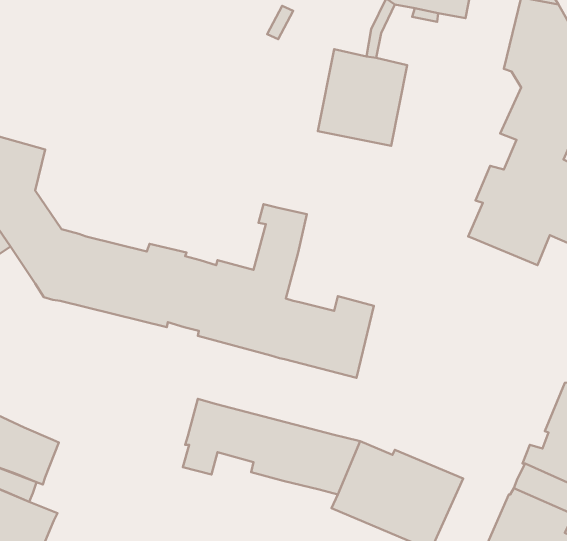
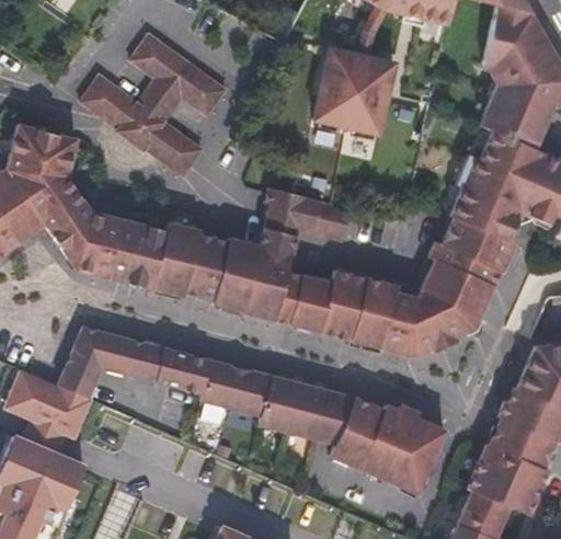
building: none -> [80,34,228,177]
building: none -> [300,197,353,242]
building: none -> [352,218,512,357]
building: none -> [58,328,211,399]

